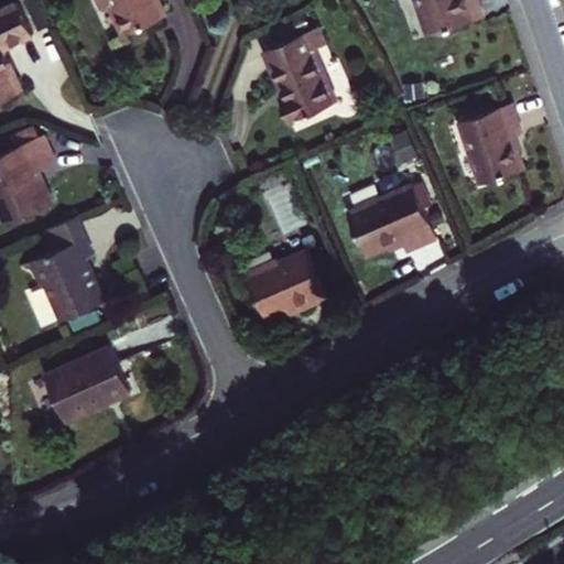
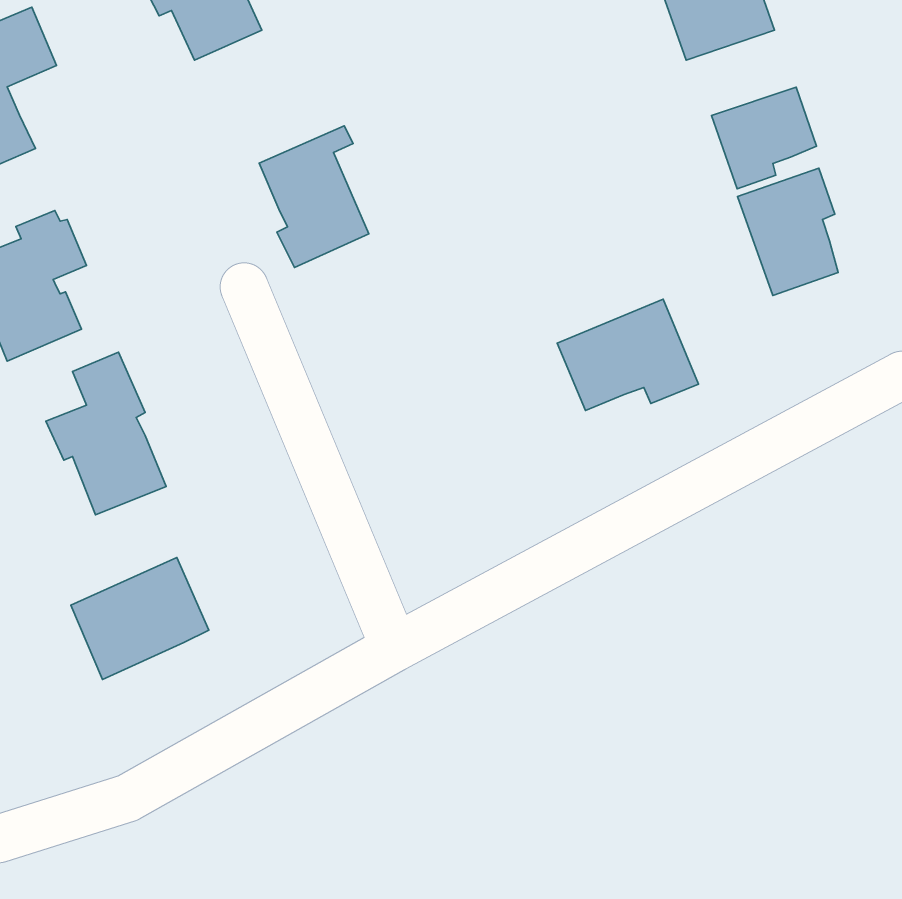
building: [265,34,334,122] -> [259,126,369,268]
building: none -> [712,87,816,189]
building: [245,249,326,321] -> none

